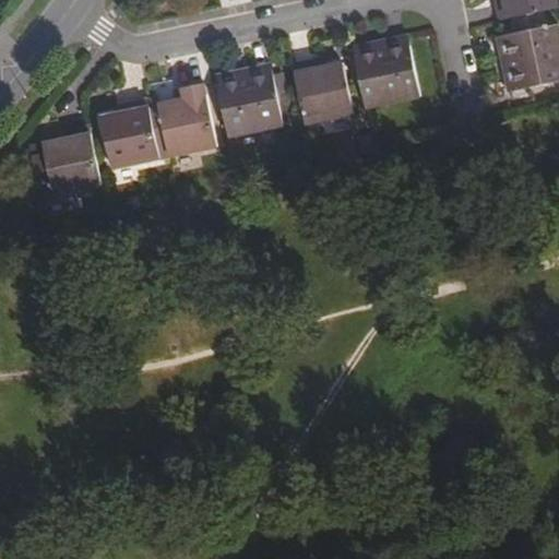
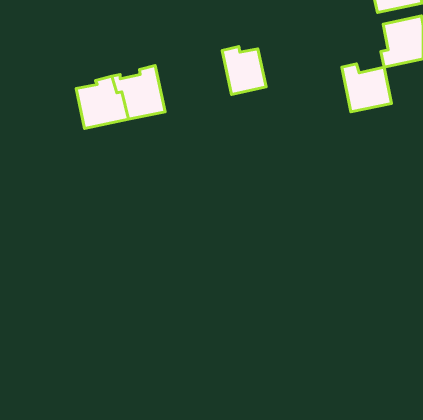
building: [354,45,419,108] -> [342,64,391,112]
building: [216,72,283,134] -> none
building: [48,135,100,191] -> none

